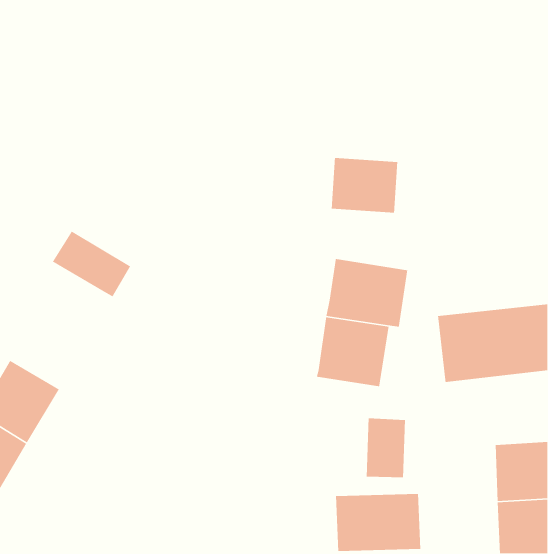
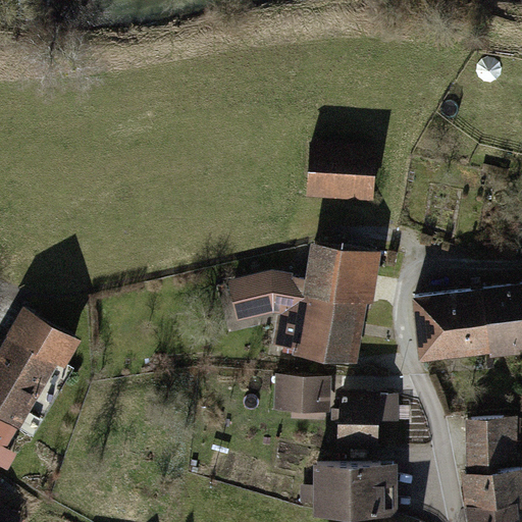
building: [52,230,131,298] -> [9,309,84,372]
building: none -> [225,272,309,348]
building: none -> [273,378,329,412]

